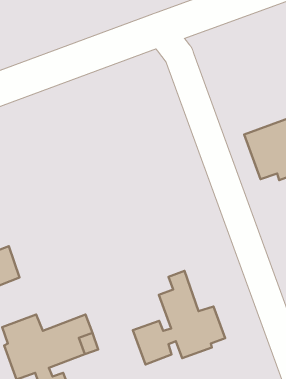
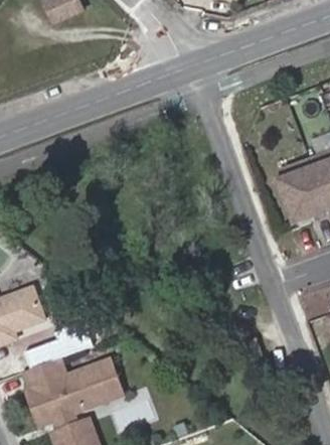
building: [133,271,225,365] -> none

